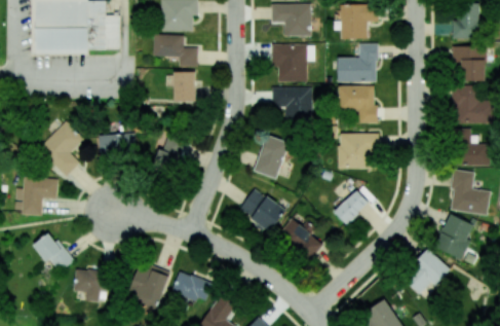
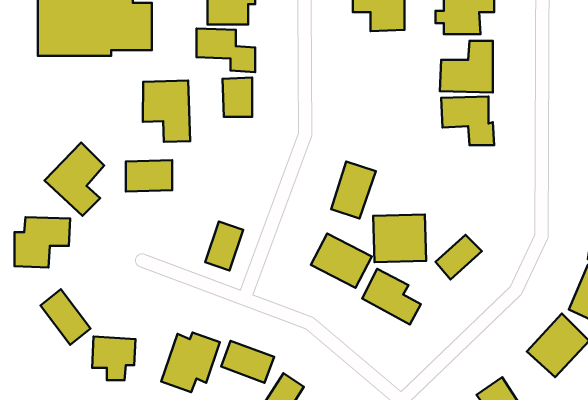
building: [271,43,306,81] -> none
building: none -> [143,81,190,142]
building: [271,86,311,120] -> none
building: [338,133,378,169] -> [373,215,426,262]
building: [154,135,183,172] -> [205,222,243,270]

